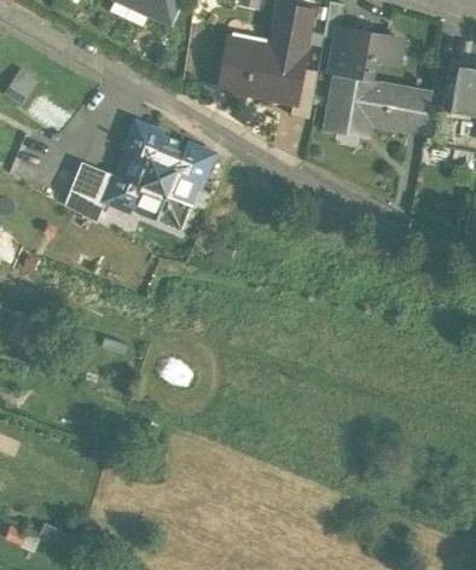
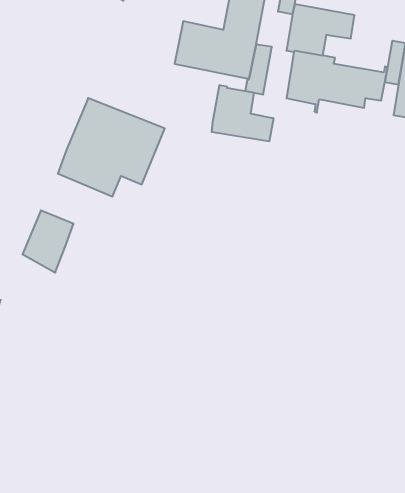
building: none -> [212,85,273,141]
building: [60,159,111,221] -> [22,210,74,273]

